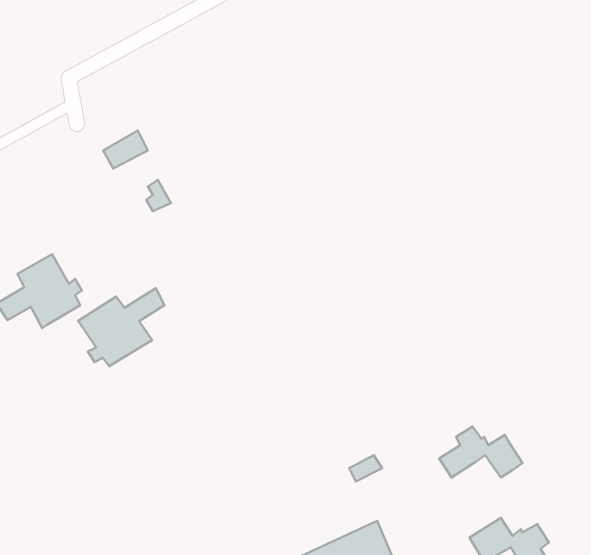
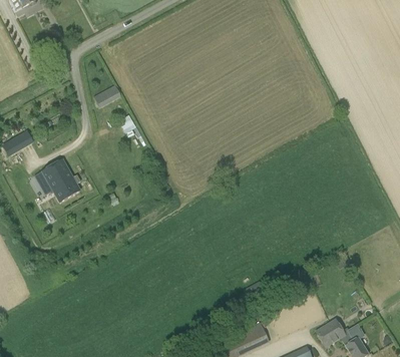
building: [78,288,164,366] -> none
building: [439,426,523,478] -> none

